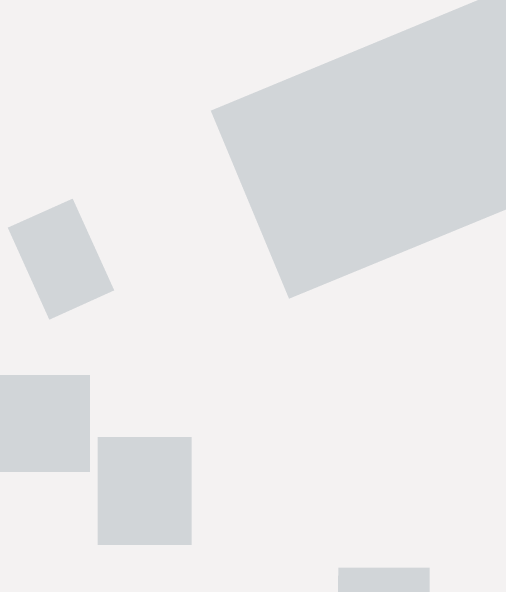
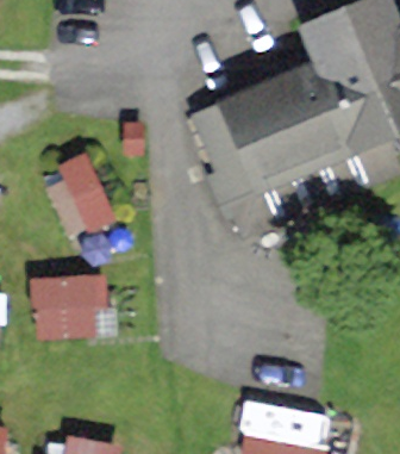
building: [97,436,192,546] -> none

